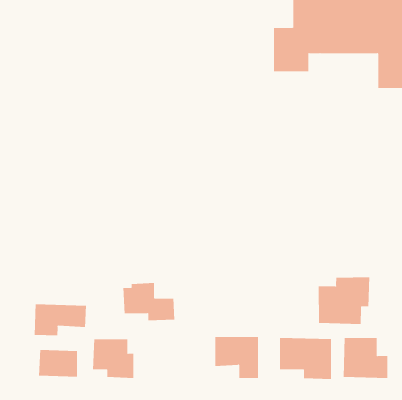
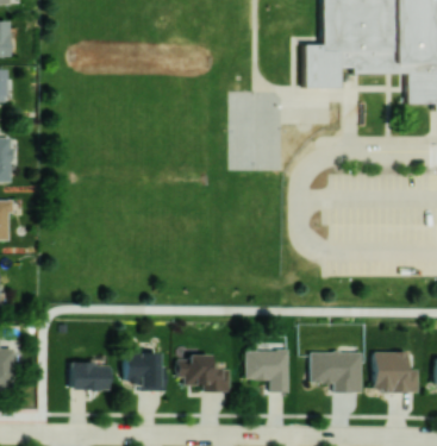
building: [318,276,370,325] -> none
building: [122,283,175,321] -> [179,354,231,392]
building: [34,303,86,336] -> none

